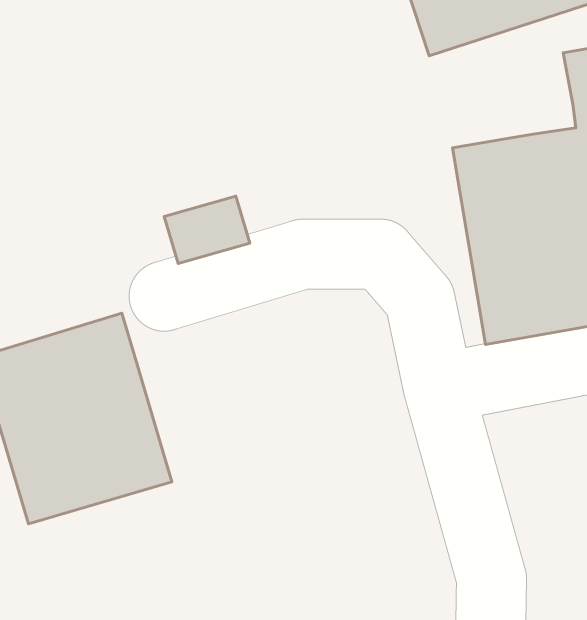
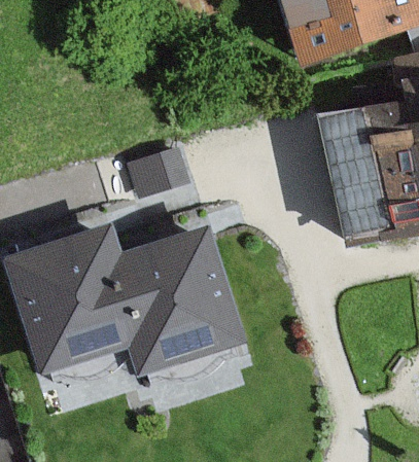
building: none -> [112,228,240,369]

